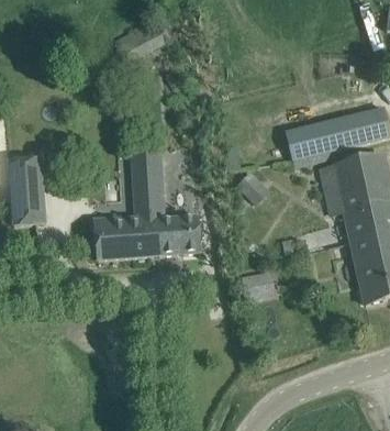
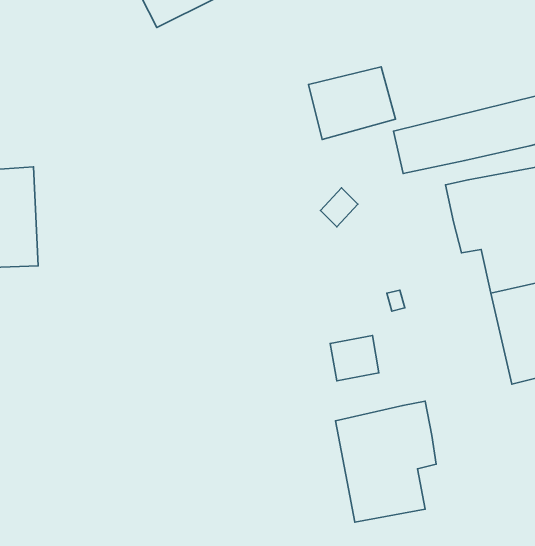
building: none -> [309,67,395,139]
building: [94,147,202,258] -> none
building: none -> [335,401,436,522]

